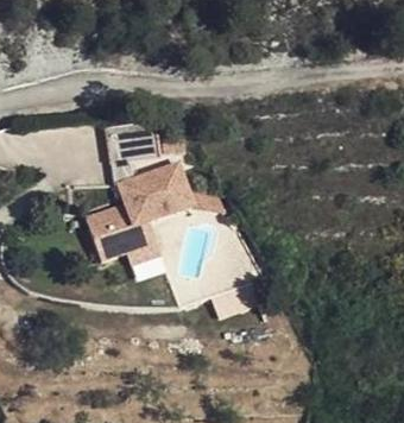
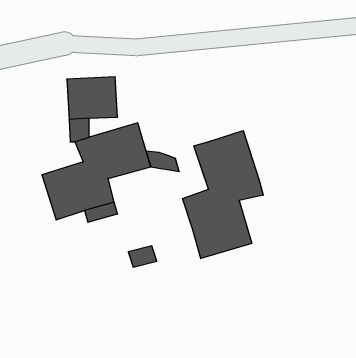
building: none -> [182,131,263,259]

